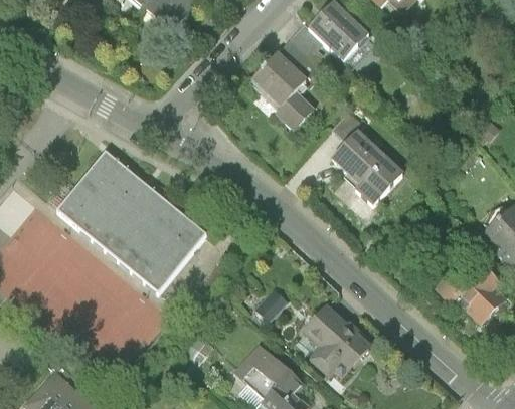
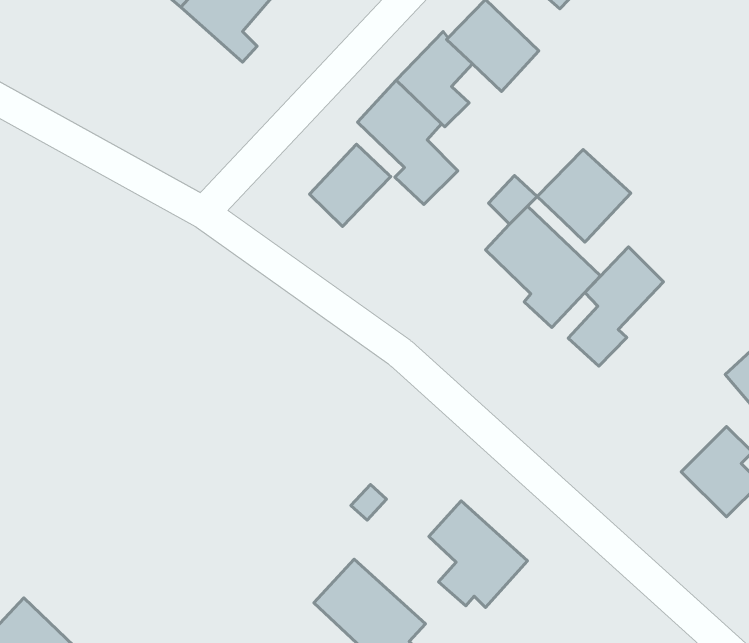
building: none -> [310,144,391,227]
building: none -> [537,149,631,242]
building: [62,150,214,293] -> none
building: none -> [568,247,663,366]

